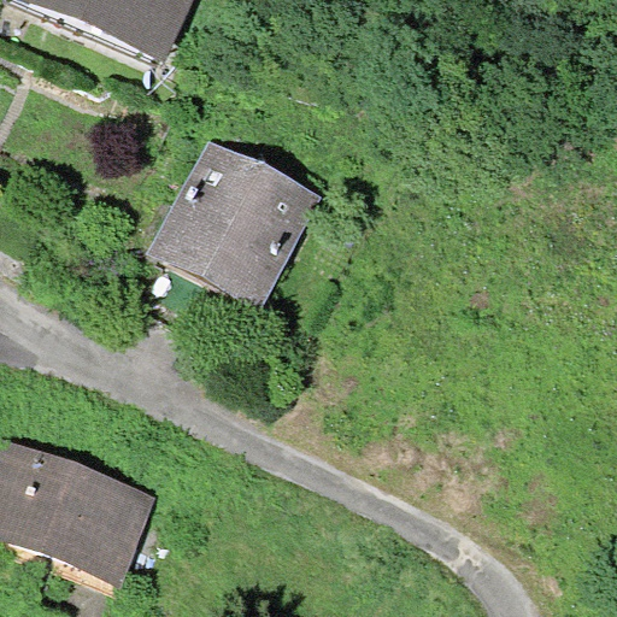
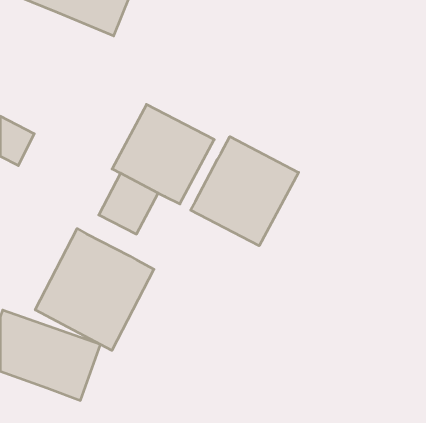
building: none -> [191,137,299,246]
building: none -> [35,229,154,350]

